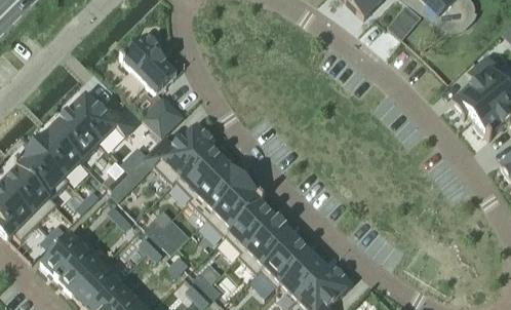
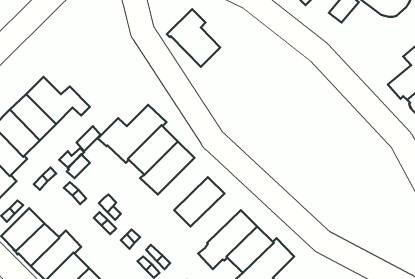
building: [120,32,176,93] -> [167,9,220,67]
building: [143,95,184,135] -> none
building: [207,179,264,236] -> none
building: [238,217,296,274] -> none

